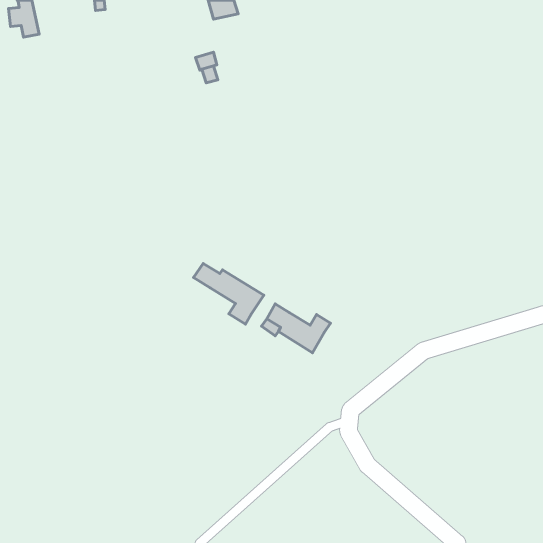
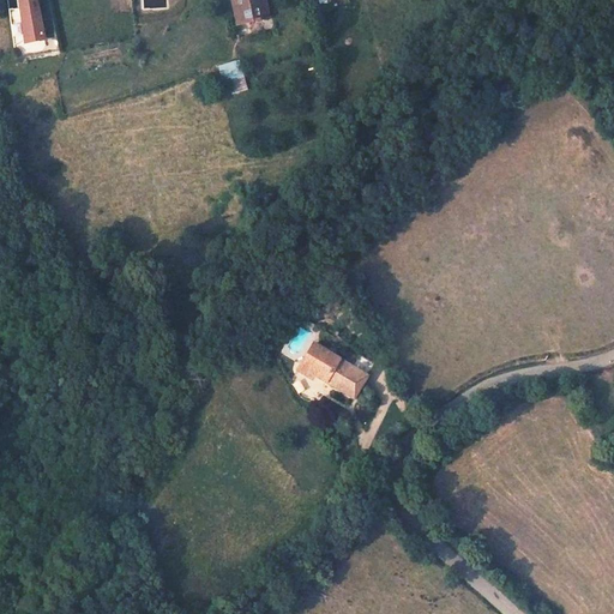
building: [194,263,264,324] -> none

